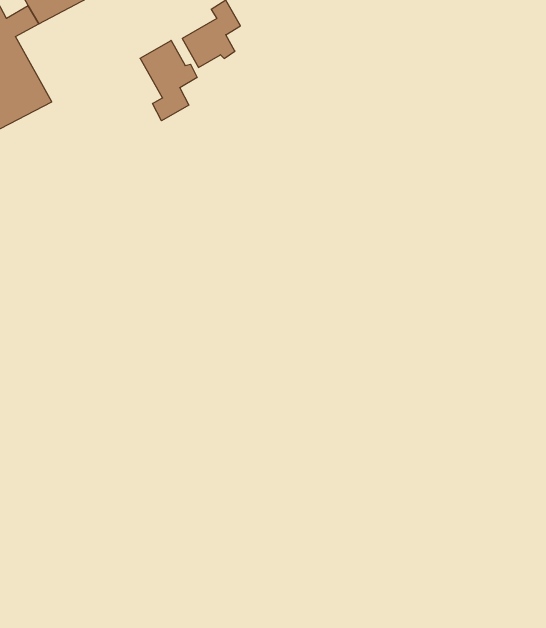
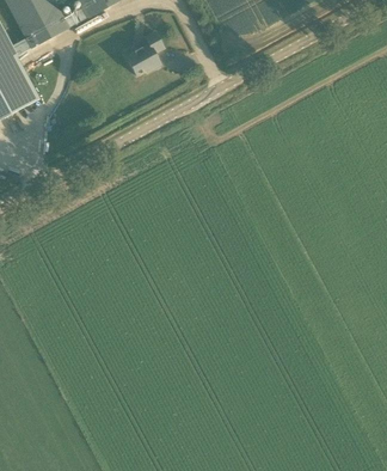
building: [140,40,197,121] -> none

